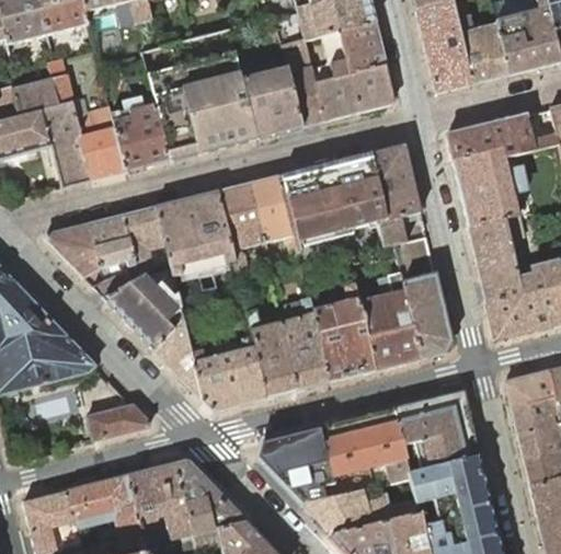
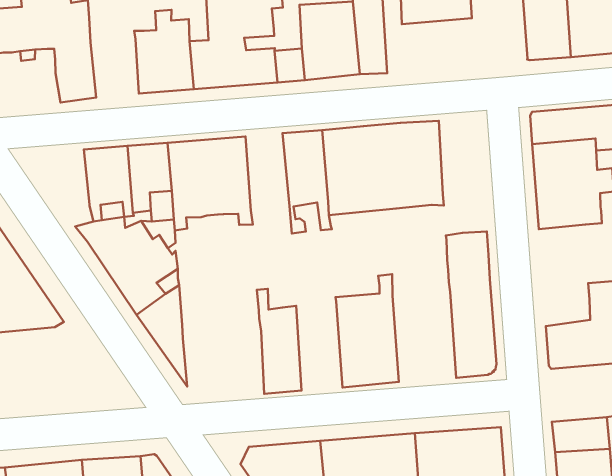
building: [316,65,394,120] -> none
building: [76,106,126,178] -> none
building: [373,145,421,246] -> none
building: [218,183,268,270] -> none
building: [468,217,522,304] -> none
building: [45,222,101,276] -> none
building: [358,272,421,369] -> none
building: [282,297,330,389] -> none
building: [192,336,267,411] -> none
building: [88,404,151,440] -> none

